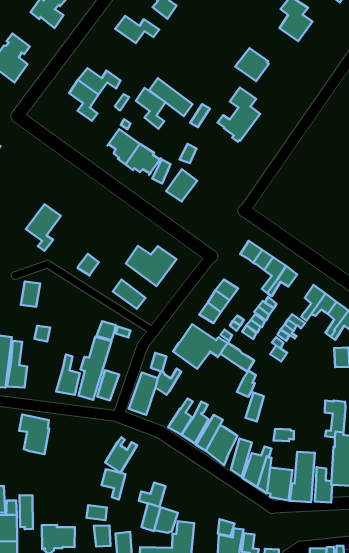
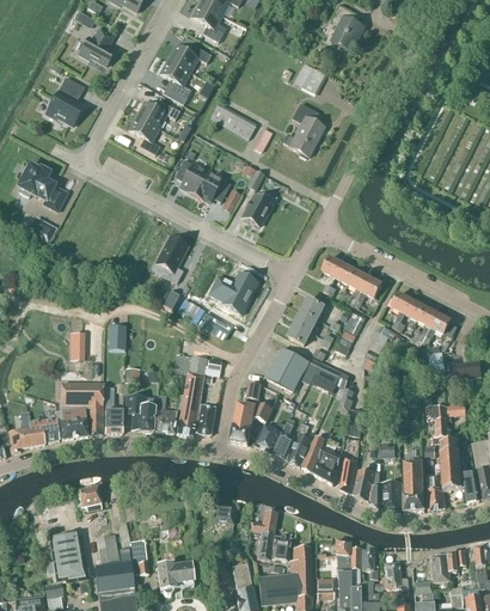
building: [136,88,165,129] -> [160,60,191,99]
building: [26,204,61,251] -> [154,236,188,282]
building: [19,415,49,454] -> [124,395,154,432]
building: [105,437,137,473] -> [255,417,284,453]

